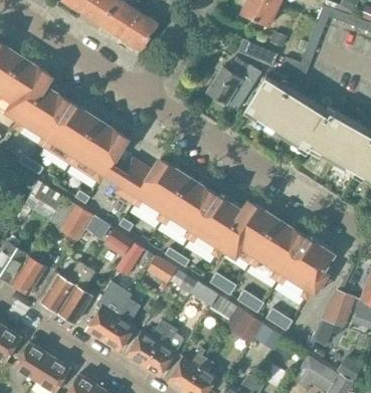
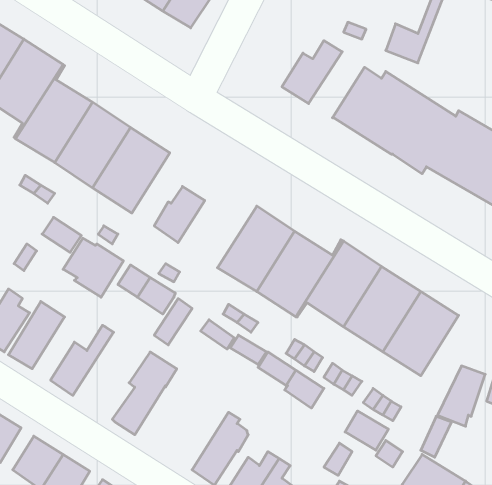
building: [133,159,189,220] -> none
building: [57,255,103,322] -> none
building: [102,298,140,350] -> none
building: [224,307,261,343] -> none
building: [126,319,169,365] -> none

